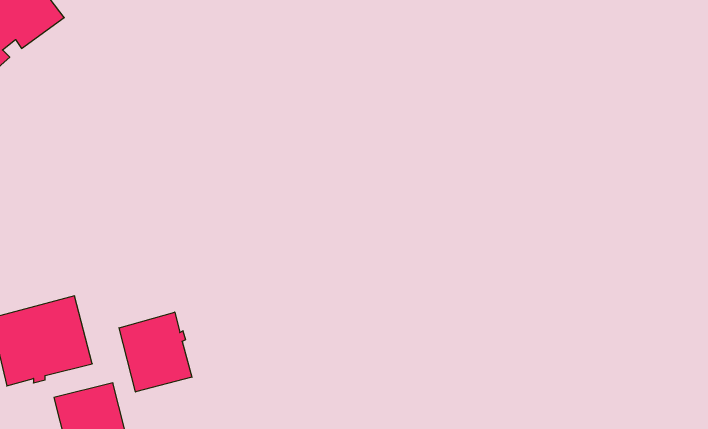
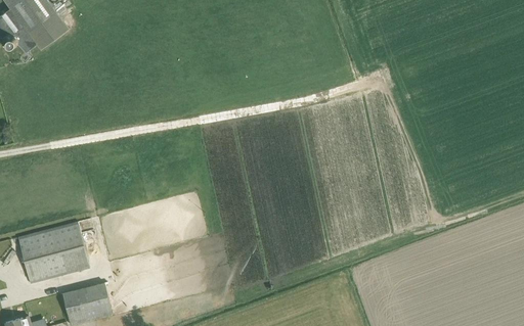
building: [119,312,192,392] -> none

